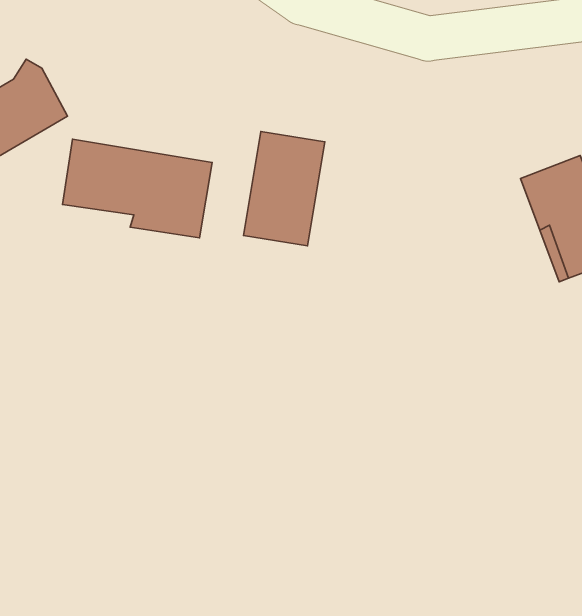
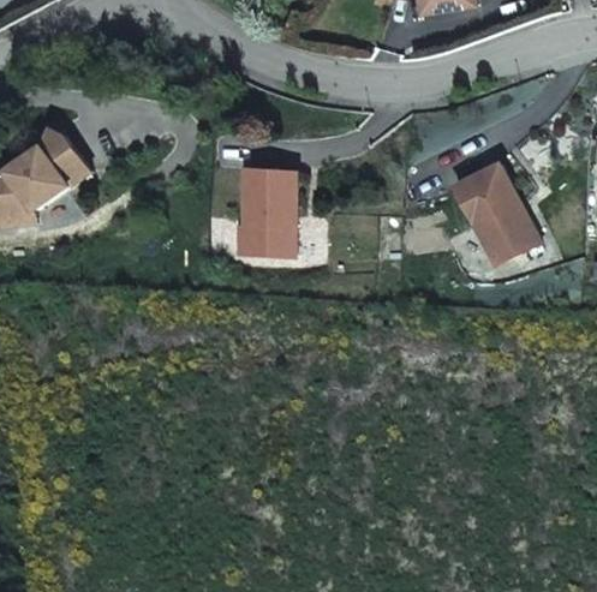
building: [63,139,212,238] -> none

